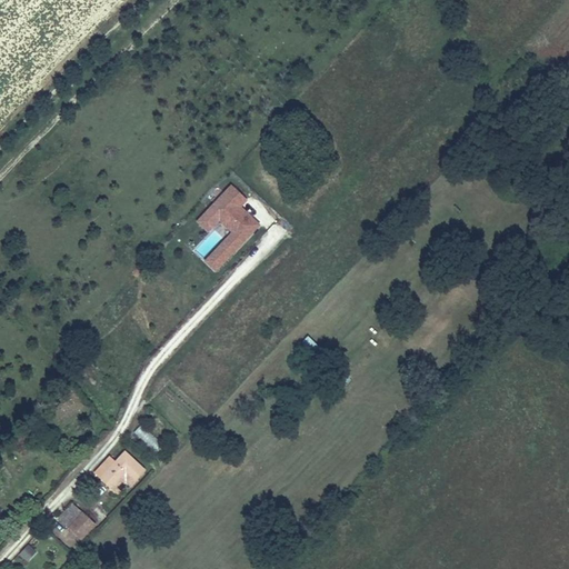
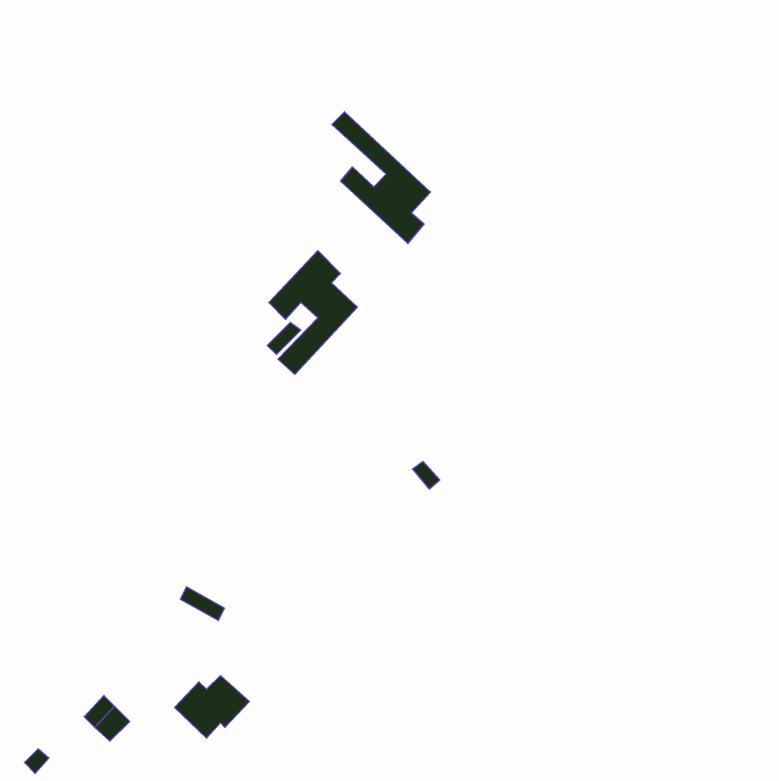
building: none -> [332,112,431,244]
building: [91,450,146,496] -> [175,676,249,738]

